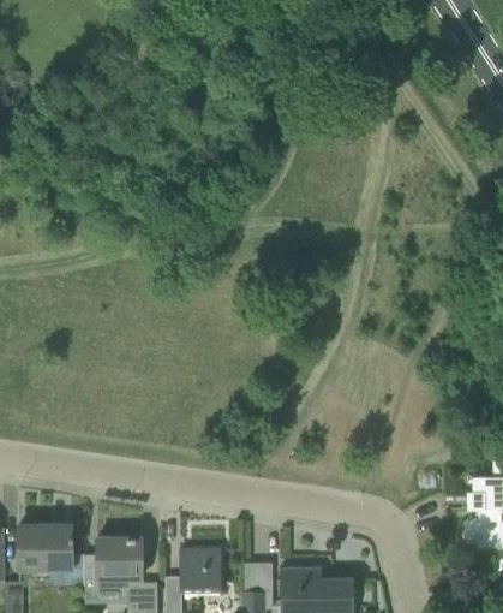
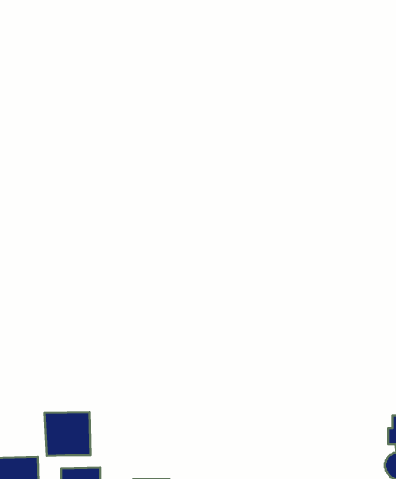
building: none -> [45,412,90,456]

